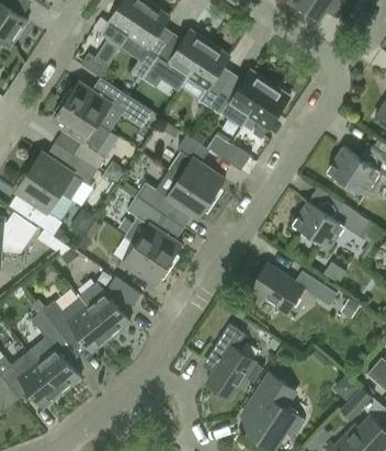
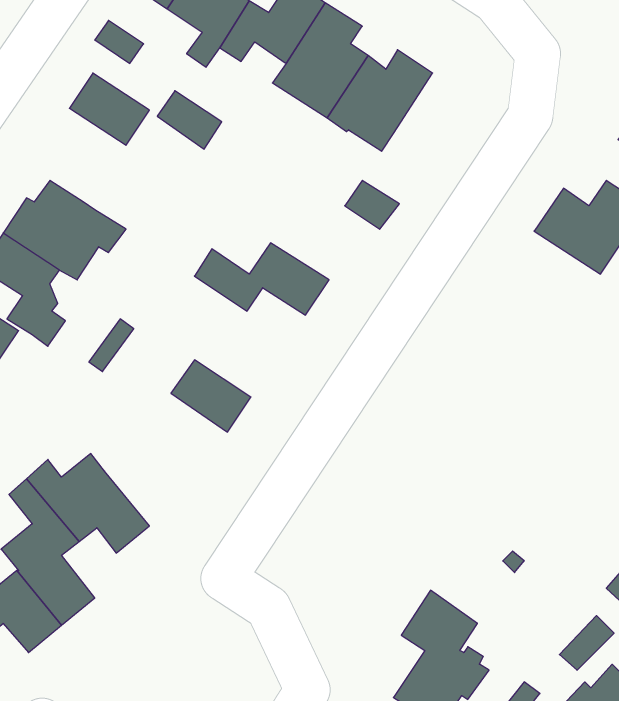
building: [248,82,291,139] -> none
building: [53,102,111,170] -> none
building: [168,134,225,199] -> none
building: [125,196,181,264] -> none
building: [293,201,368,248] -> none
building: [250,263,337,314] -> none
building: [78,275,141,337] -> none
building: [206,324,264,398] -> none

